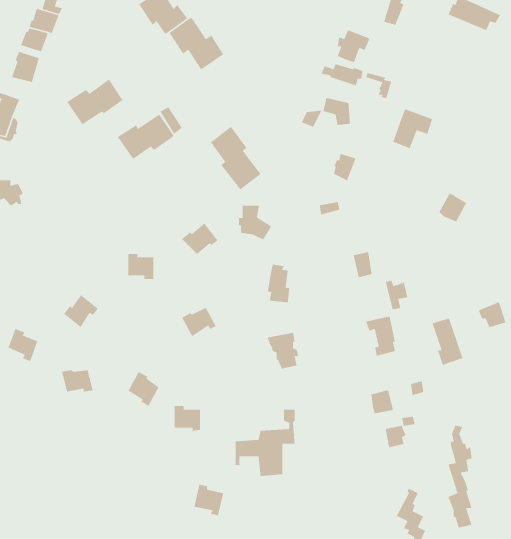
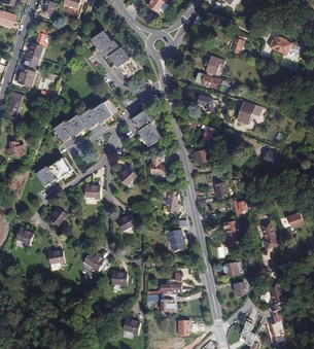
building: [66,79,123,125] -> [53,115,85,142]
building: none -> [35,160,72,189]

